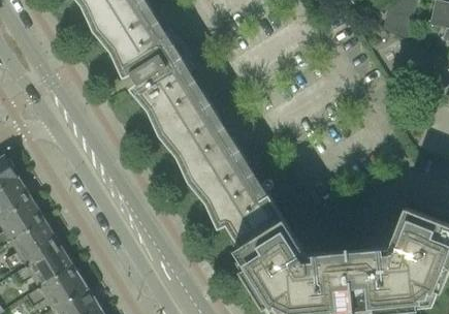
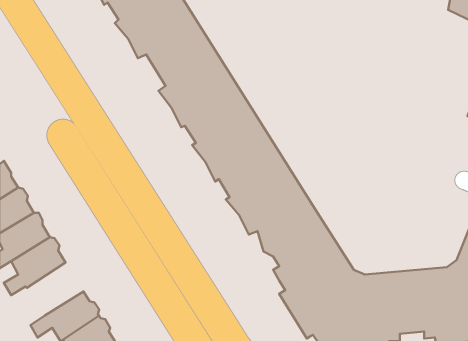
building: [12,244,72,289] -> none

